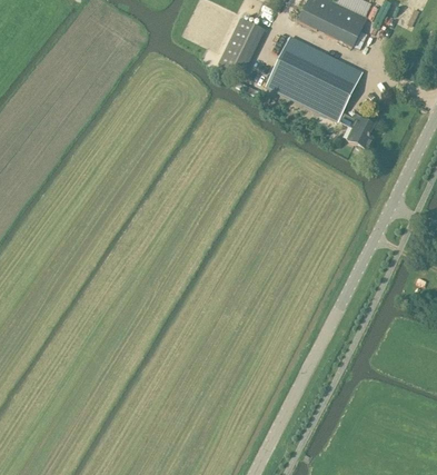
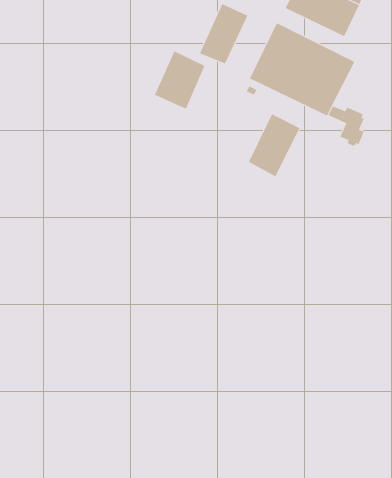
building: none -> [154,51,205,110]
building: none -> [248,114,300,177]

